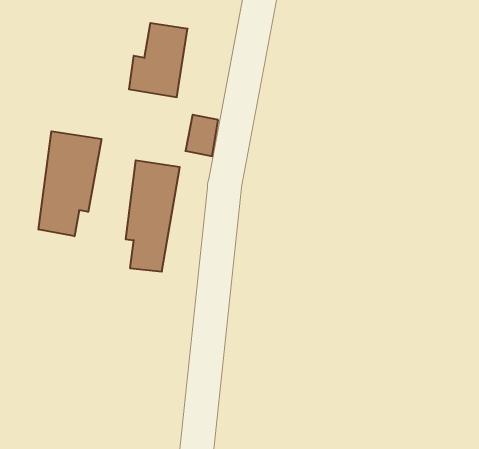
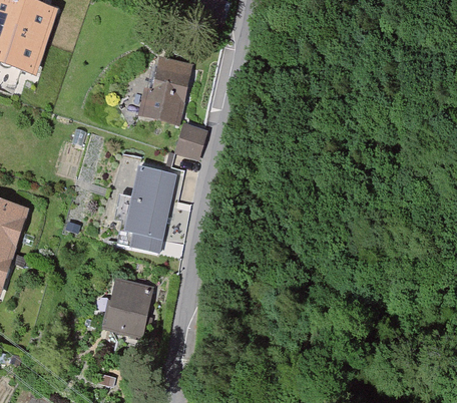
building: [39,131,101,236] -> none
building: none -> [113,285,151,333]

